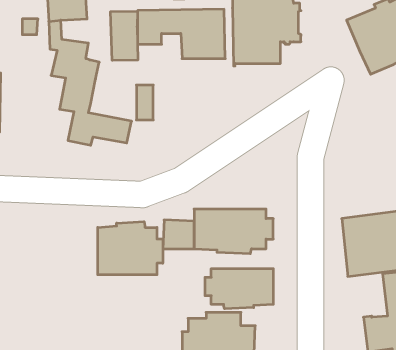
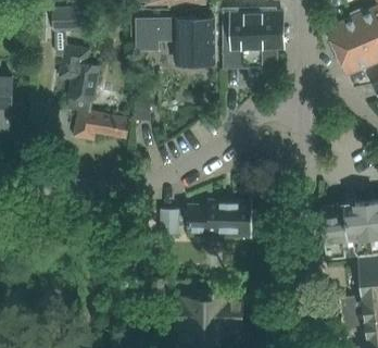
building: [111,11,138,60] -> none
building: [98,222,163,275] -> none
building: [205,269,273,309] -> none

